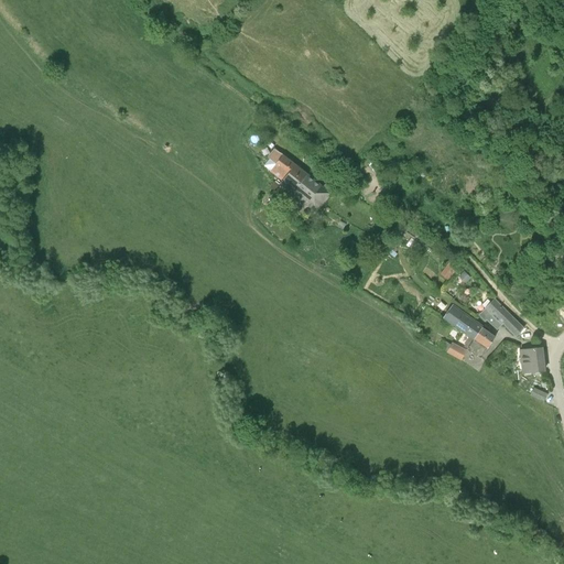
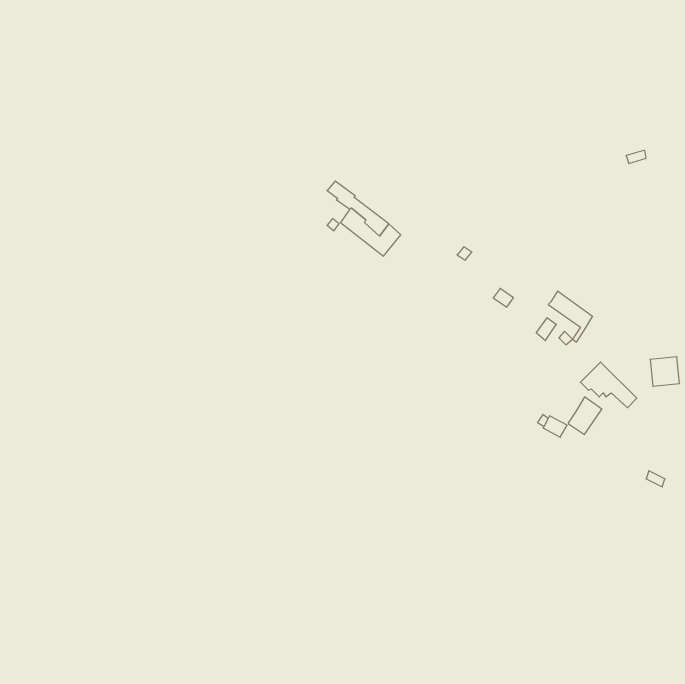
building: [444,305,480,347] -> [548,291,593,342]
building: [520,347,544,371] -> [650,357,680,386]

